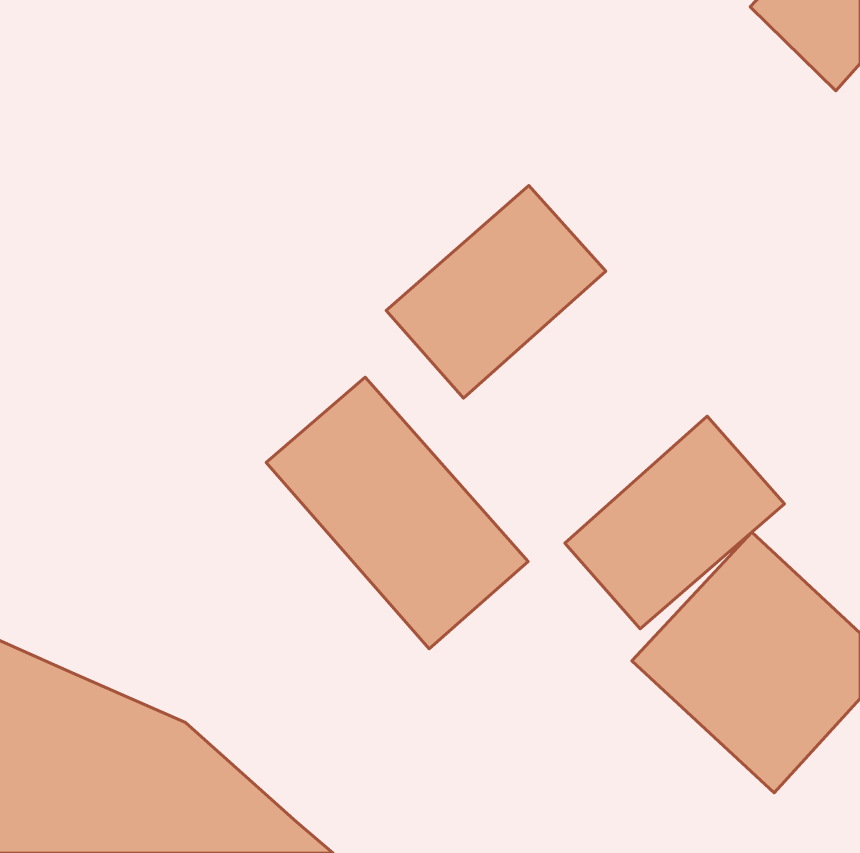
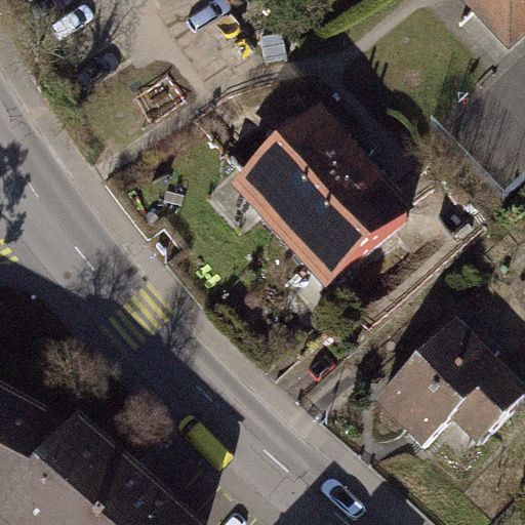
building: [266,377,528,649] -> none
building: [565,416,784,629] -> [277,162,408,289]

